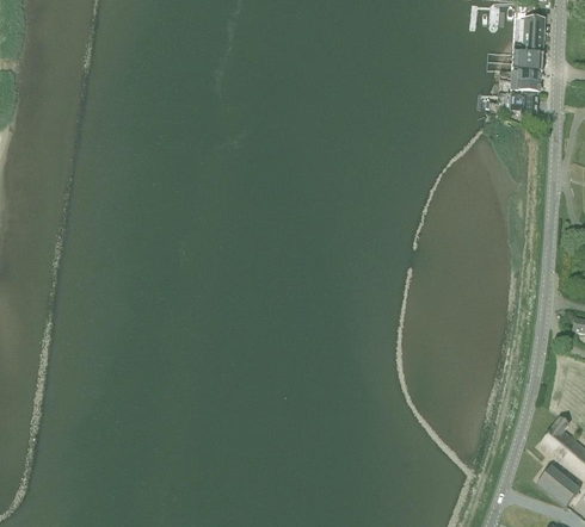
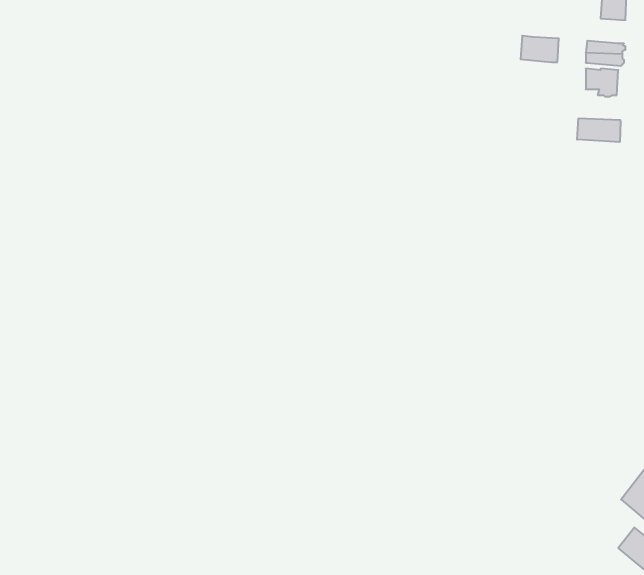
building: [512,50,543,72] -> [521,36,559,62]
building: none -> [577,118,620,142]

